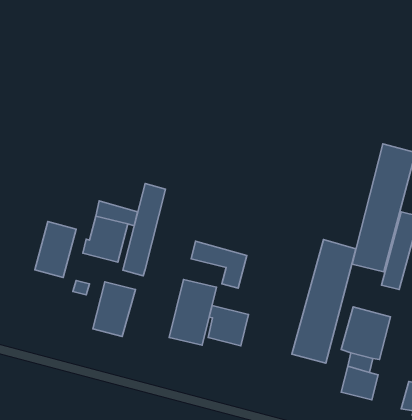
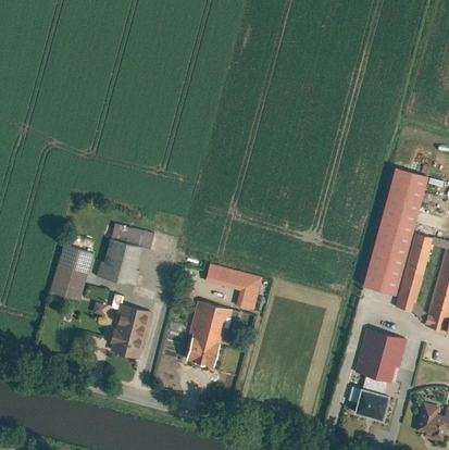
building: [123,183,166,276] -> none
building: [292,239,356,363] -> none
building: [208,306,248,346] -> none

